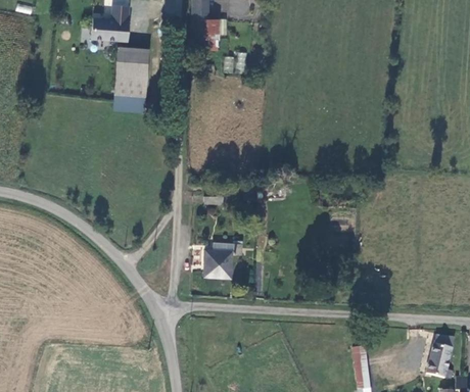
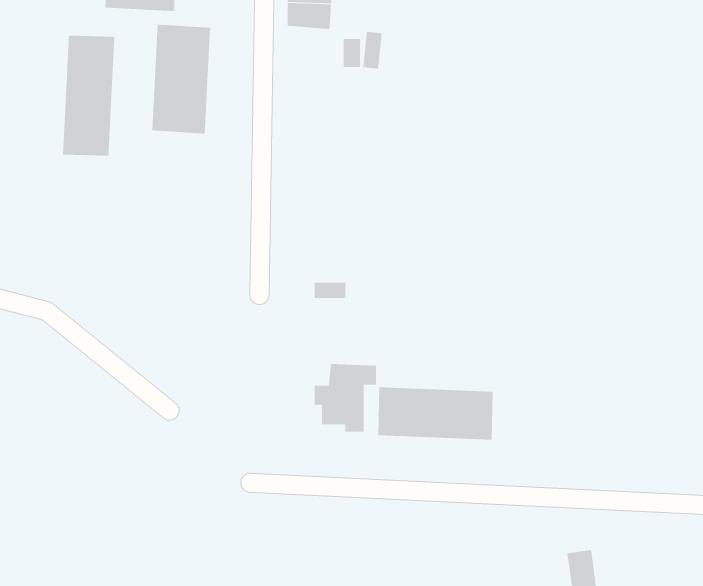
building: none -> [62,35,115,157]
building: none -> [378,387,493,440]

